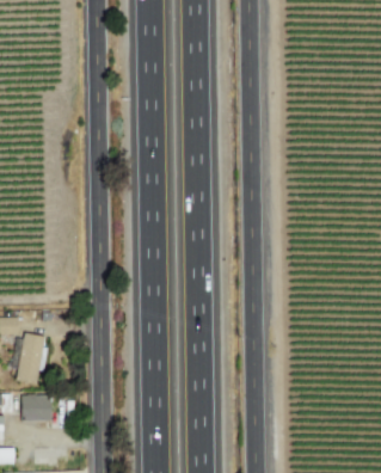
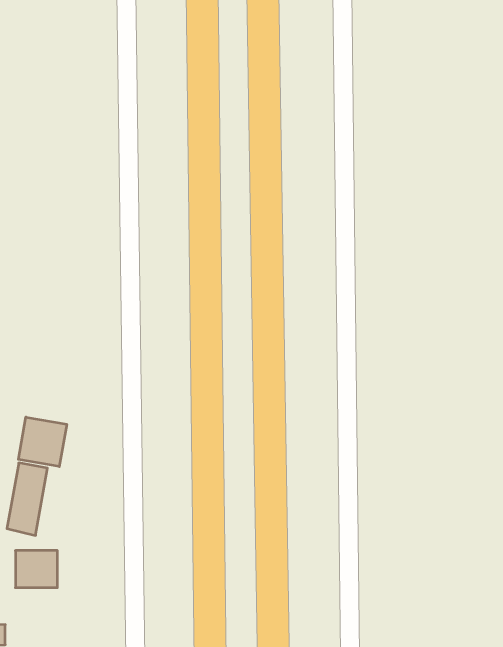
building: none -> [18,417,67,467]

